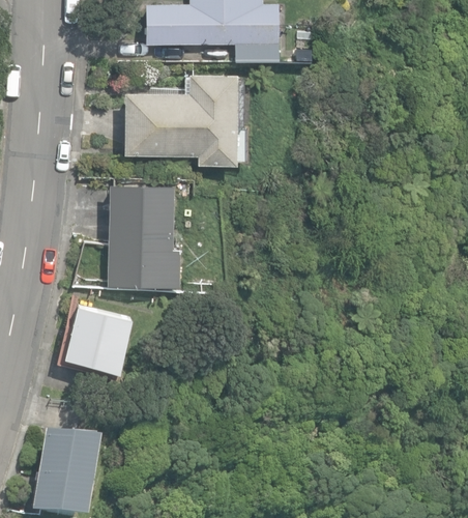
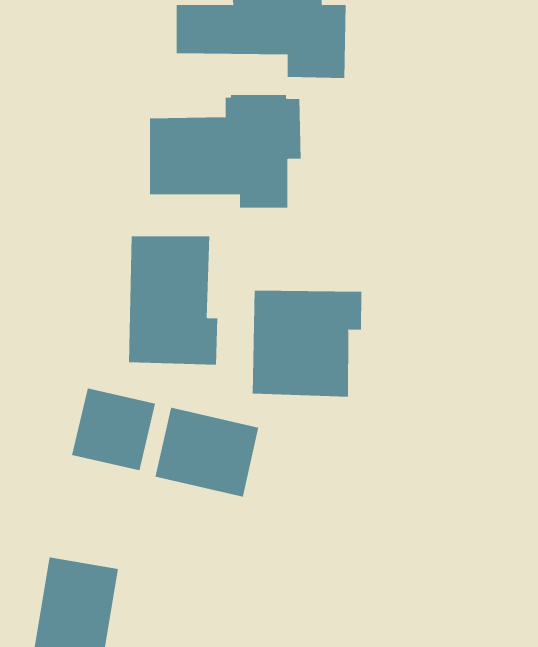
building: none -> [252,290,362,398]
building: none -> [155,407,259,497]

